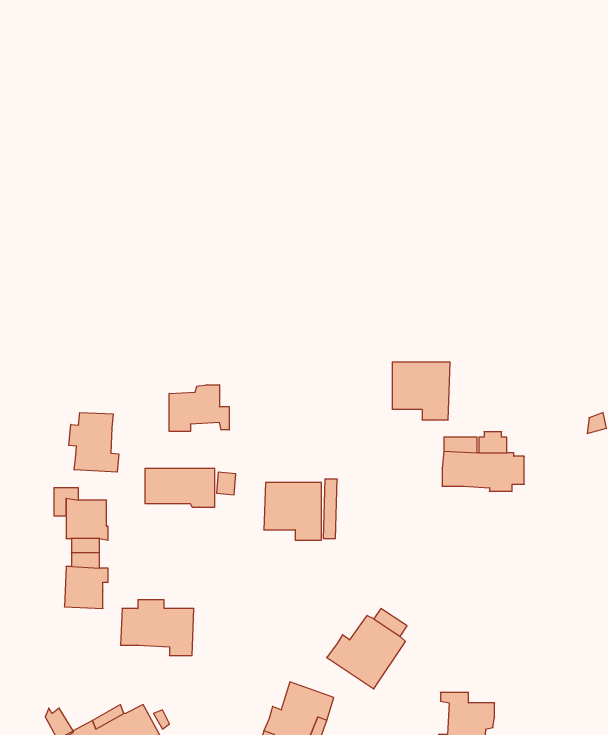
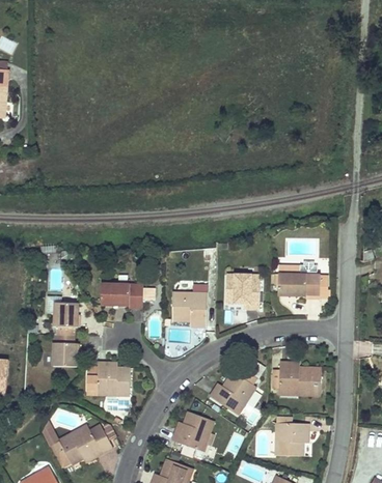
building: [392,362,450,420] -> [225,276,260,310]
building: [169,385,229,431] -> none
building: [69,413,119,472] -> none
building: none -> [279,364,321,395]

